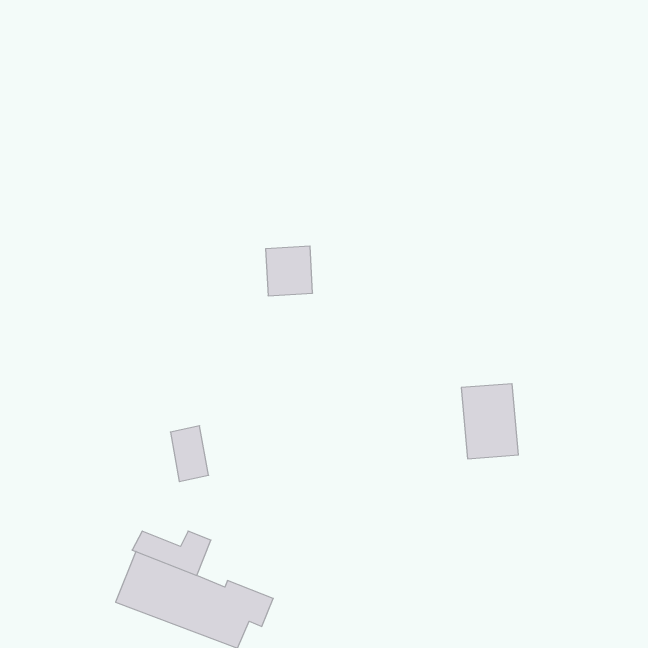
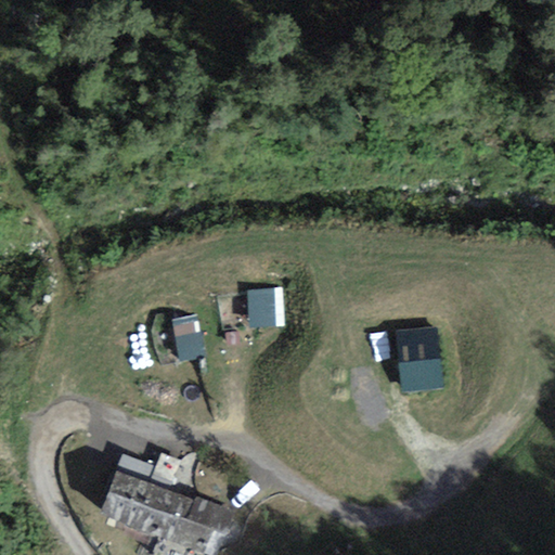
building: [266,246,313,296] -> [244,287,284,330]
building: [170,426,209,482] -> [171,313,204,361]

